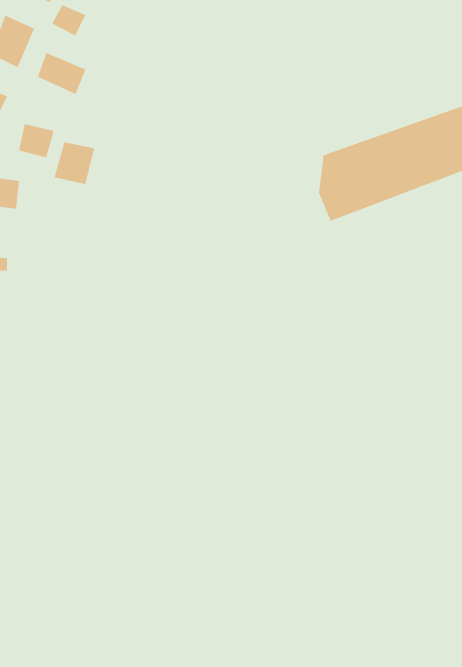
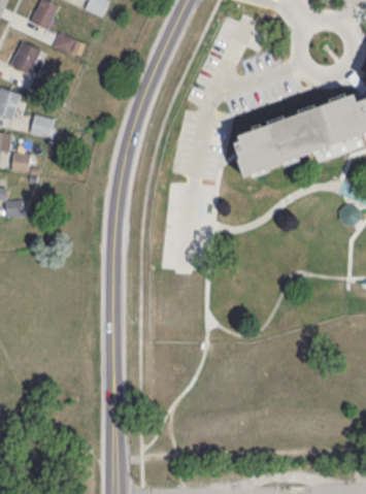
building: [37,52,86,95] -> none
building: [54,142,95,185] -> none

